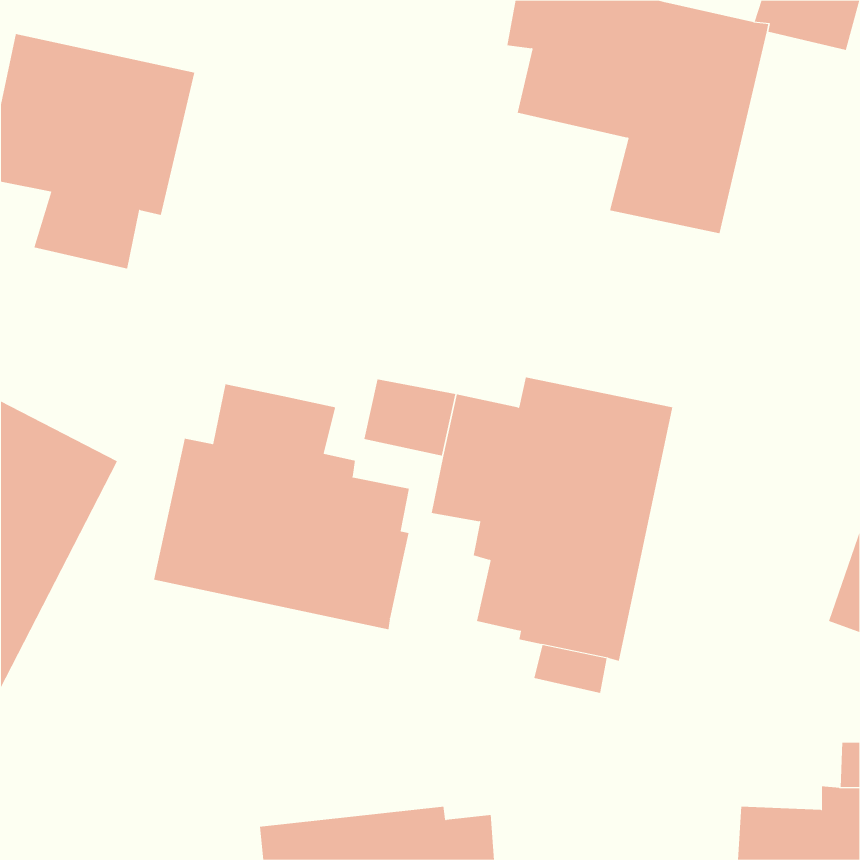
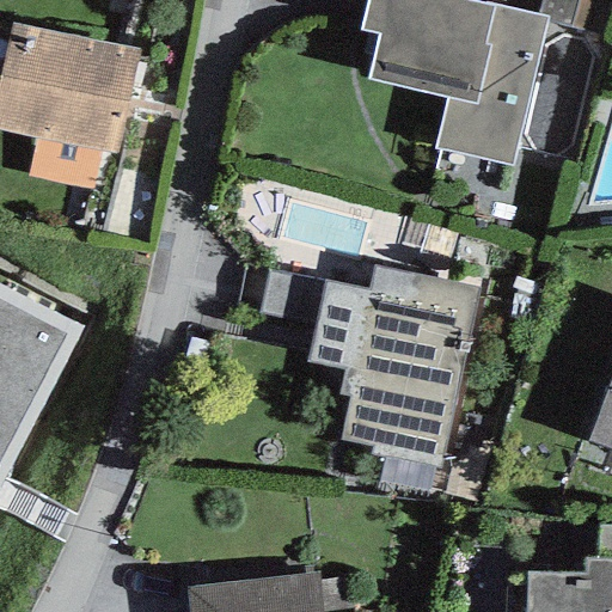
building: [153,383,410,630] -> none

